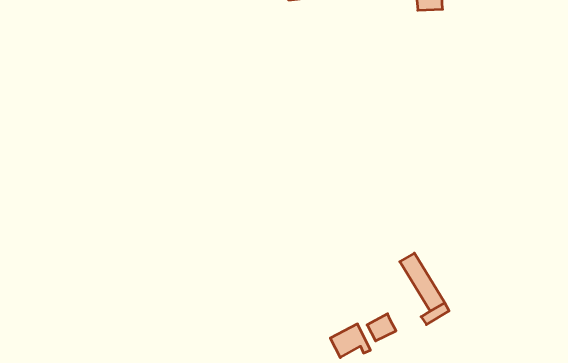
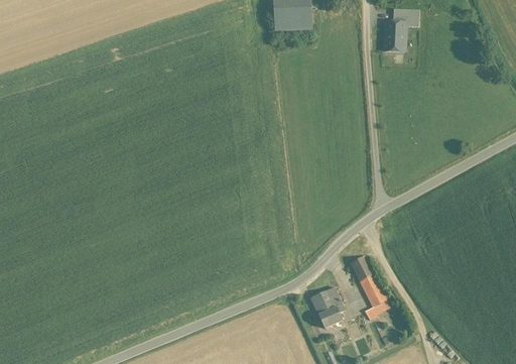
building: [330,324,370,358] -> [311,285,345,313]

